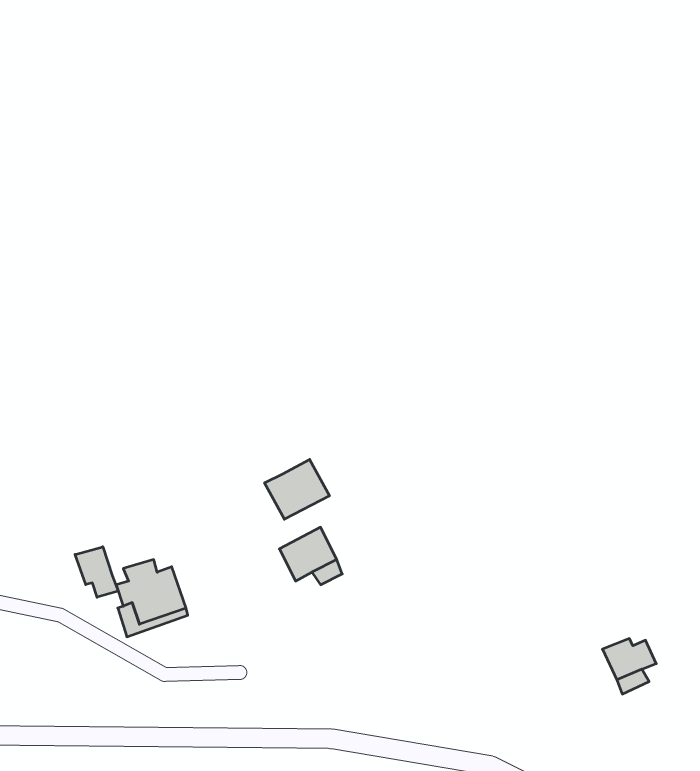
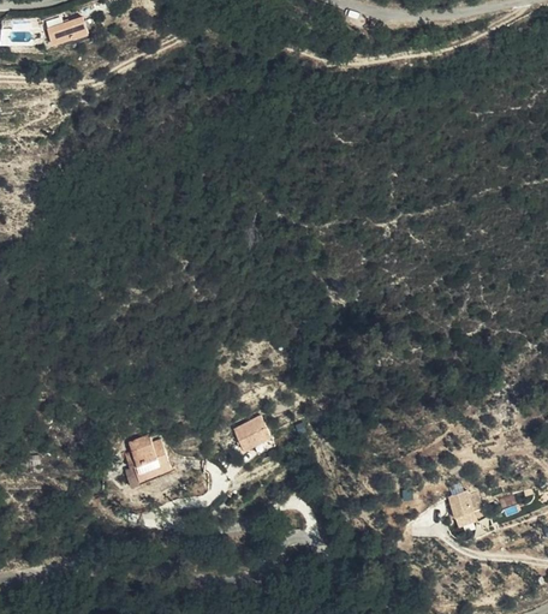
building: [265,459,329,519] -> none
building: [75,547,118,597] -> none

